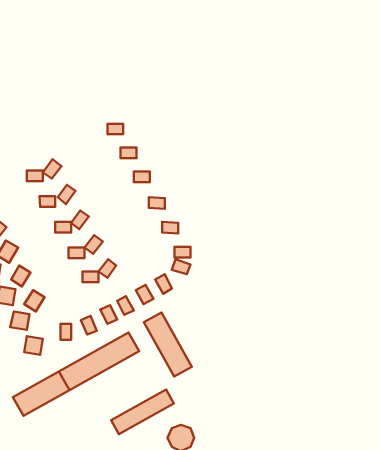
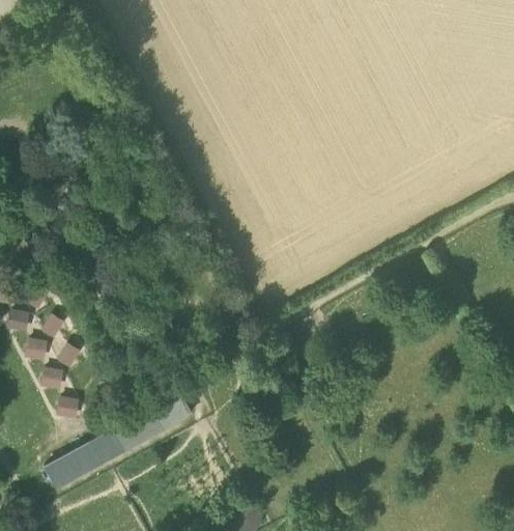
building: [144,313,192,377] -> none
building: [111,389,174,434] -> none

